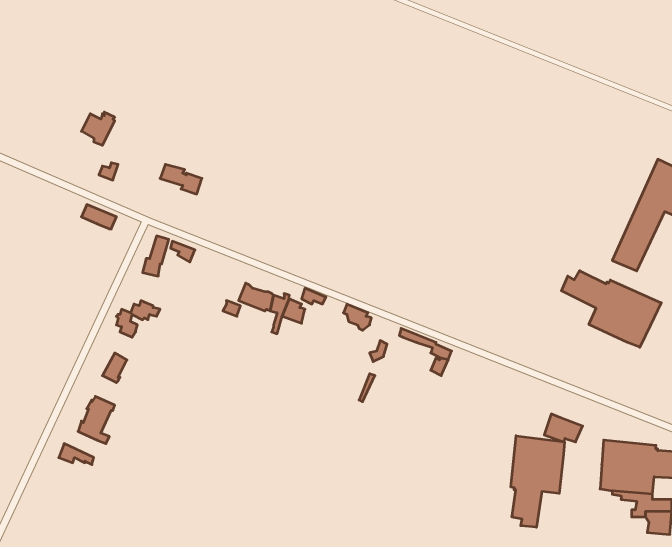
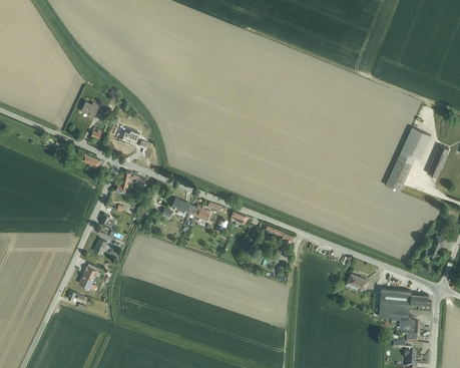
building: [561,271,661,347] -> none
building: [511,436,564,527] -> none

